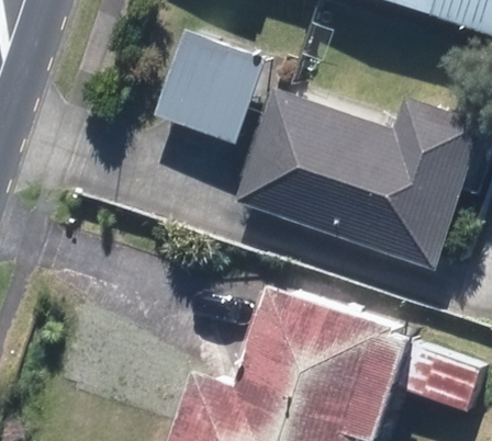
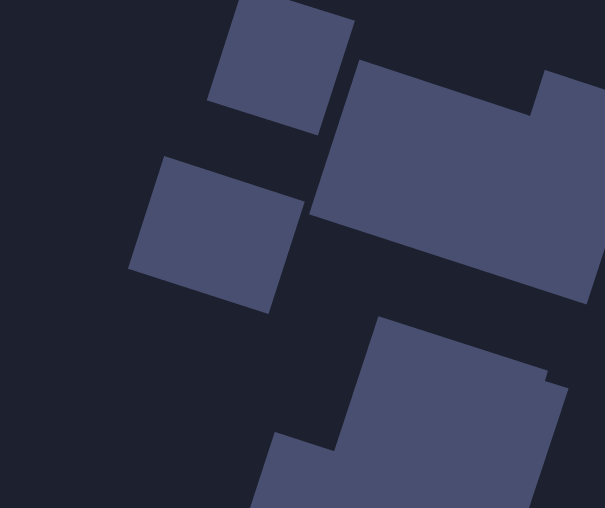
building: none -> [127,155,305,315]

